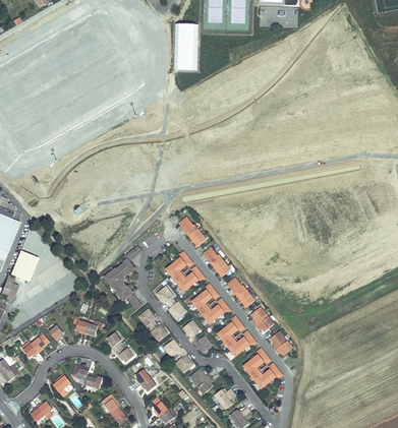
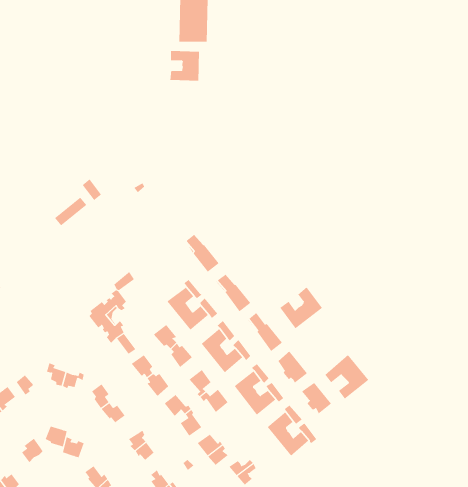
building: none -> [170,50,200,81]
building: none -> [279,286,323,329]
building: none -> [325,354,369,399]

